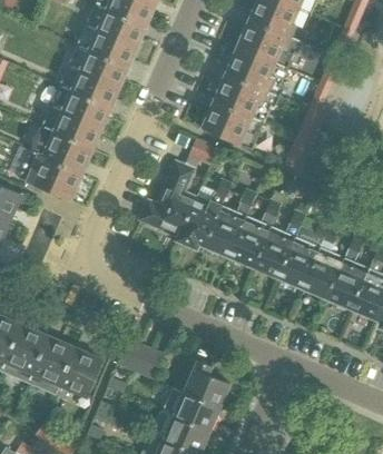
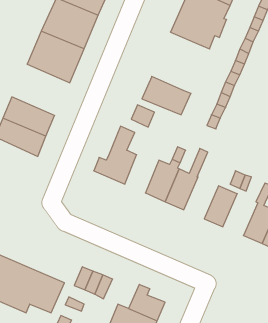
building: [214,45,286,121] -> none
building: [39,85,111,149] -> none
building: [178,170,234,248] -> none
building: [254,208,305,278] -> none
building: [303,247,346,299] -> none

